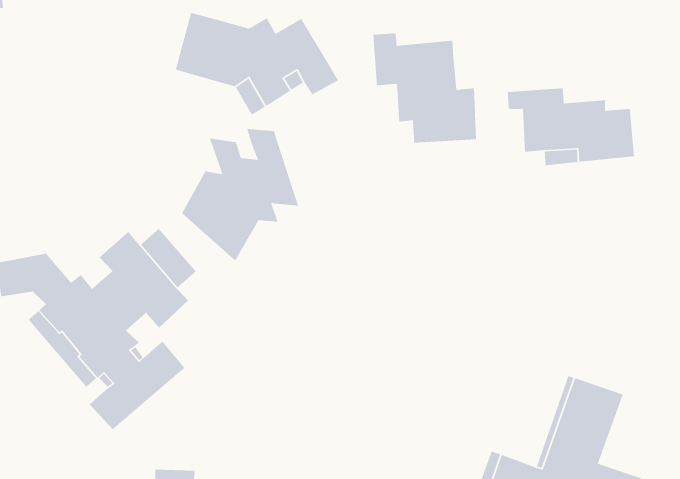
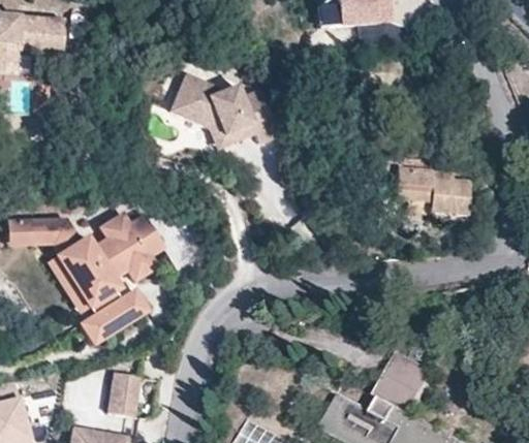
building: [372,32,477,144] -> none
building: [181,128,299,262] -> none

